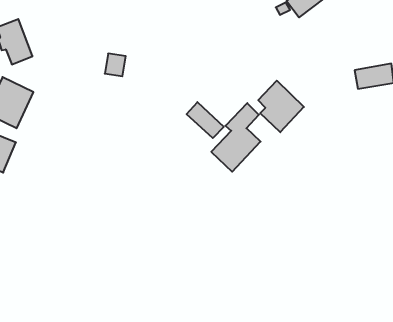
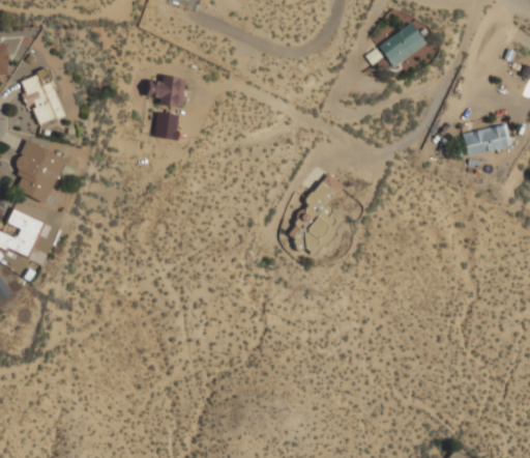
building: none -> [147,74,185,107]
building: [258,81,304,132] -> none
building: [187,102,224,138] -> none

